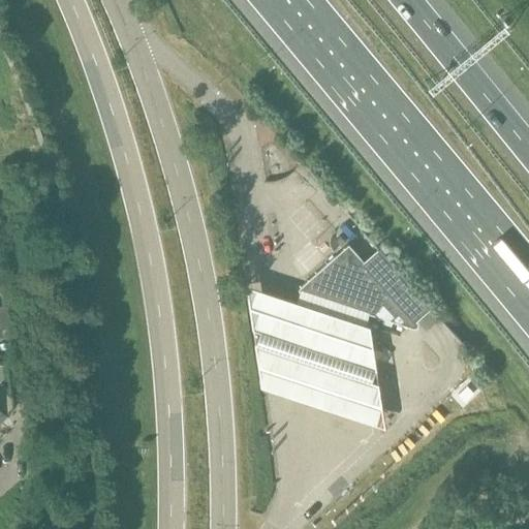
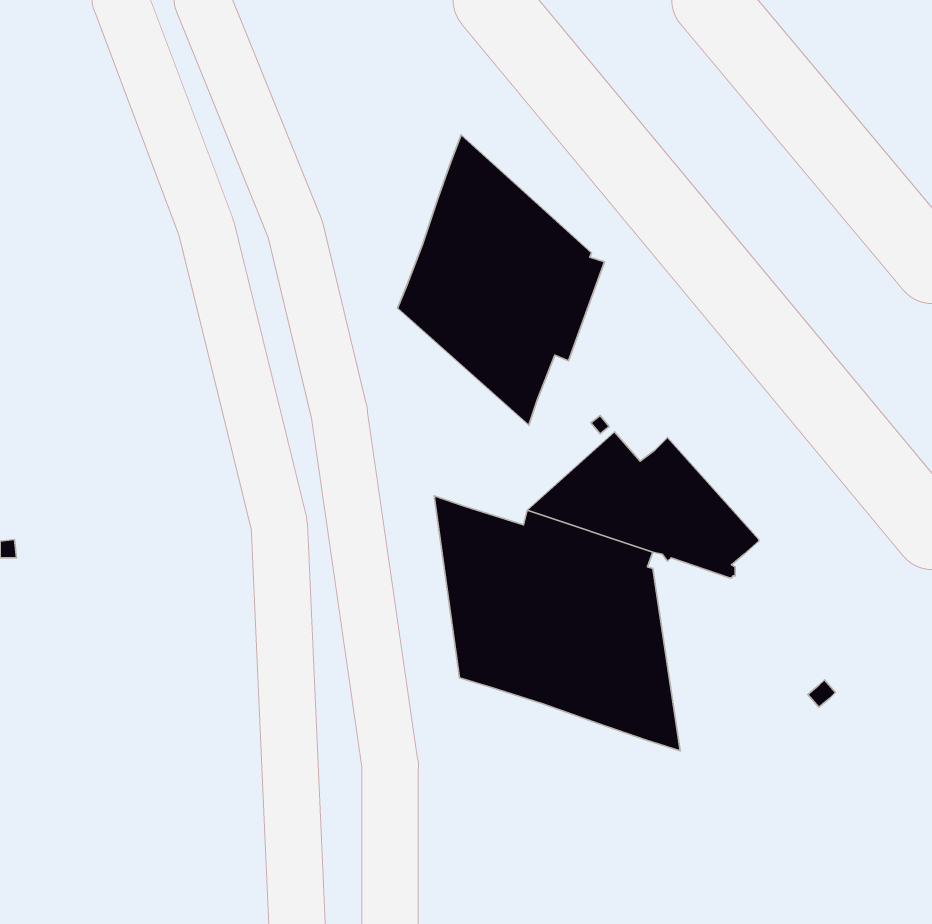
building: none -> [397,135,605,425]

